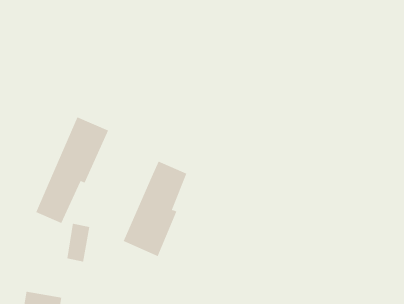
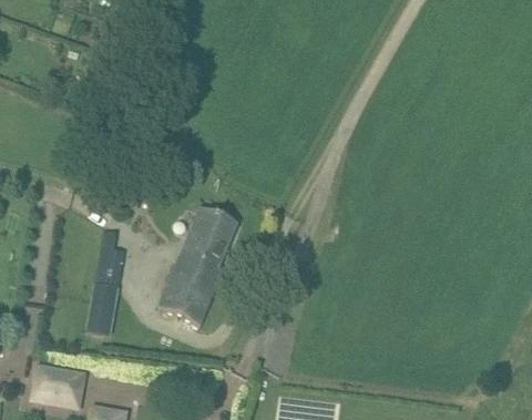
building: [36,117,109,224] -> none

